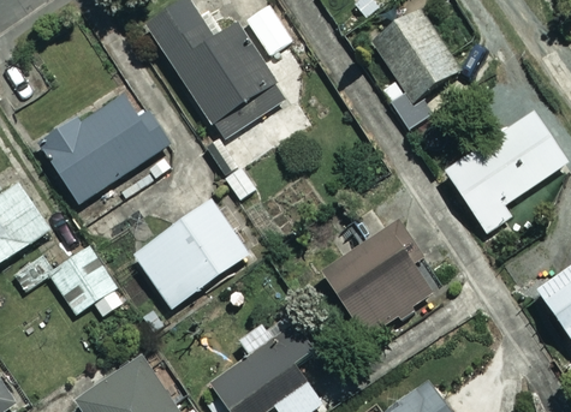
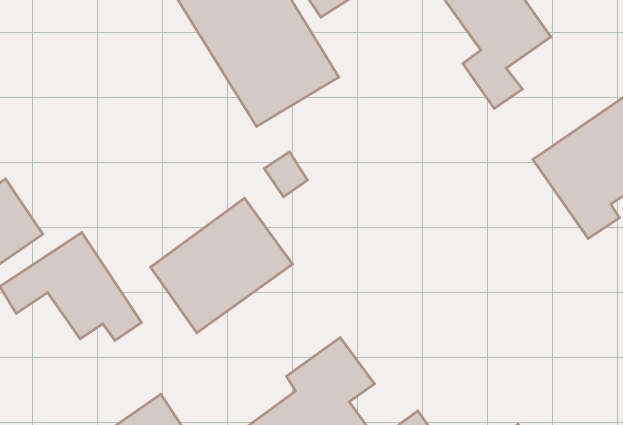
building: [40,90,165,203] -> none
building: [321,209,432,338] -> none

